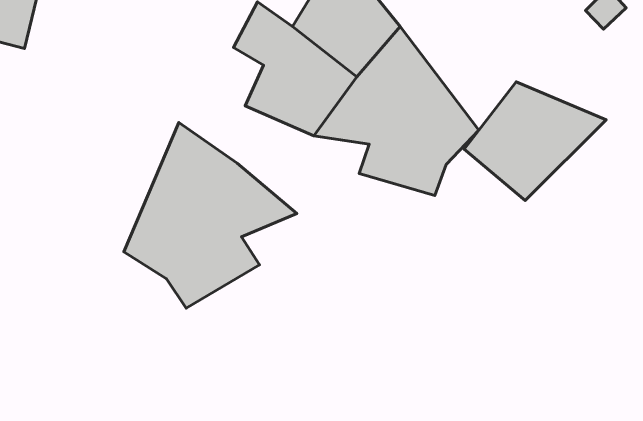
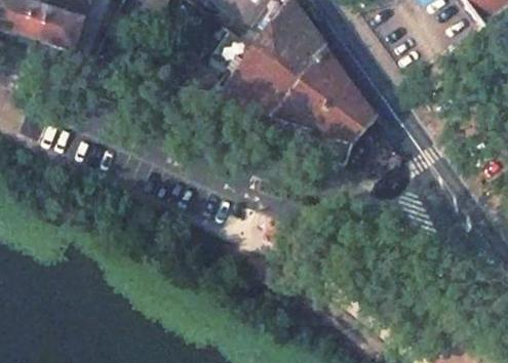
building: [464,82,606,201] -> none
building: [124,123,297,308] -> none

